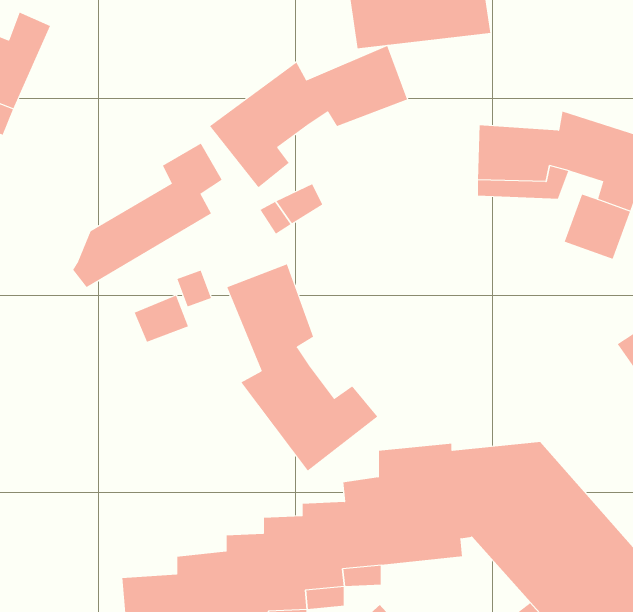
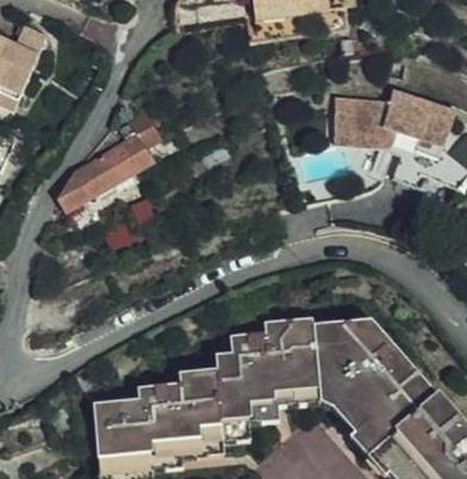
building: [209,45,408,188] -> none
building: [226,263,378,472] -> none

